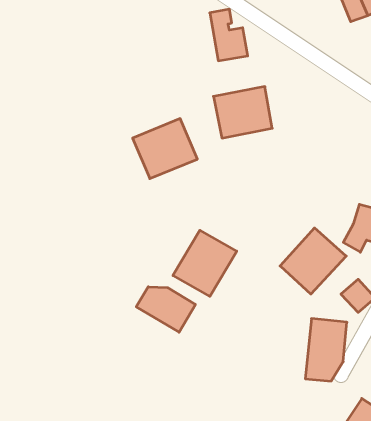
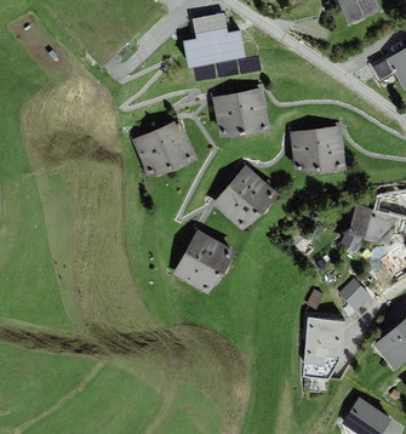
building: none -> [183,15,217,67]
building: none -> [291,126,345,172]
building: [280,228,346,294] -> [212,165,278,230]
building: [136,287,195,332] -> none

